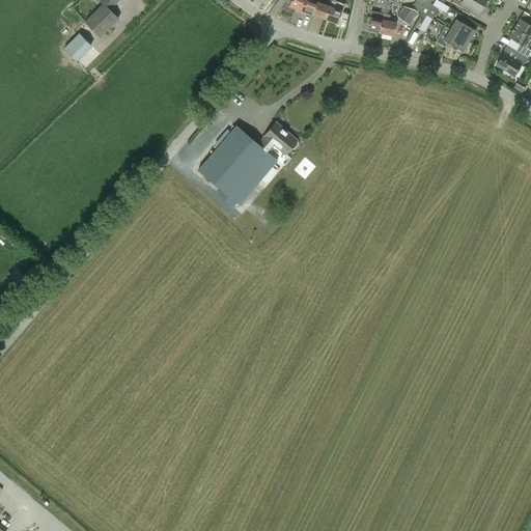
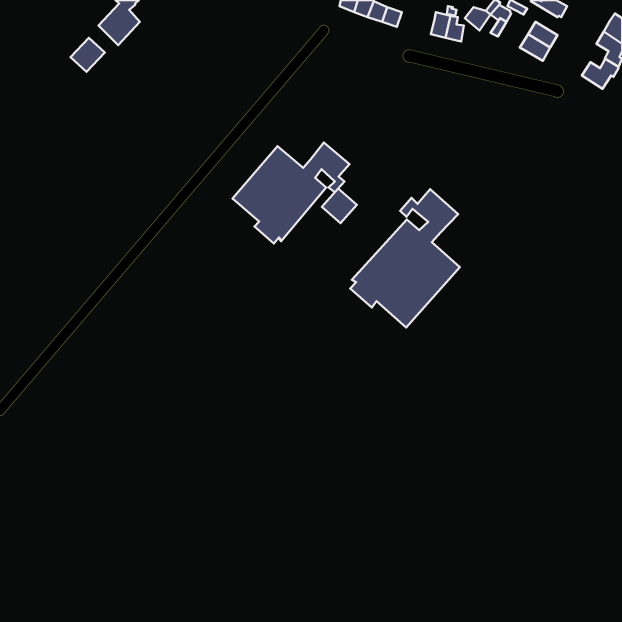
building: none -> [322,188,357,223]
building: none -> [350,189,460,327]

